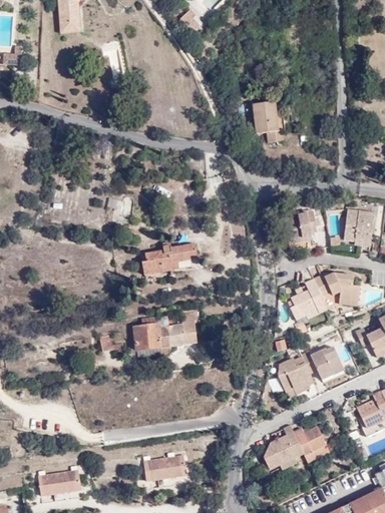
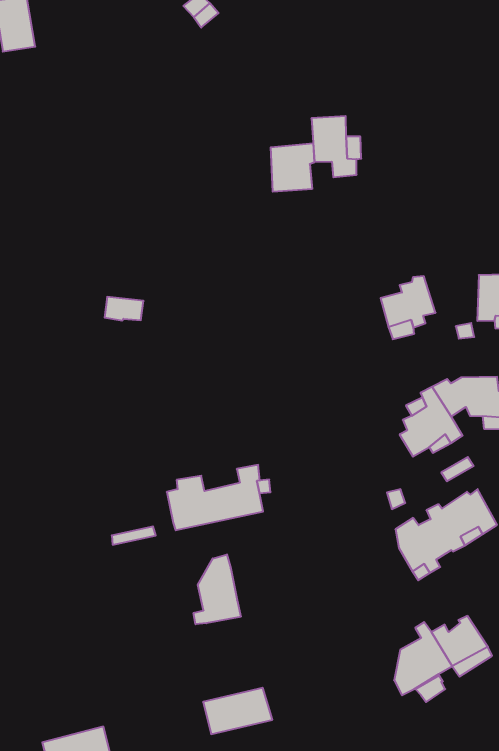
building: none -> [271,143,314,192]
building: [142,243,198,275] -> none
building: none -> [194,554,241,624]

